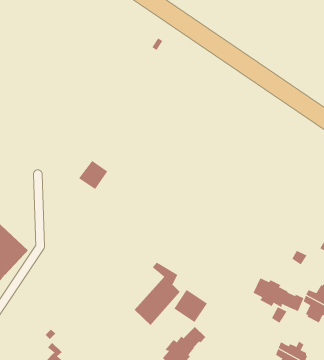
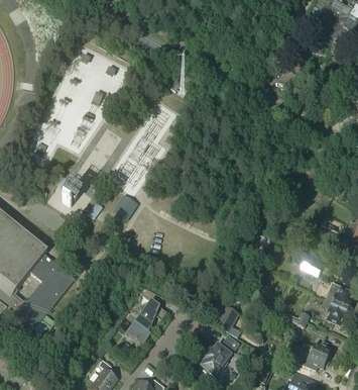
building: [134,262,180,326] -> [125,287,165,345]
building: [247,278,304,312] -> none

